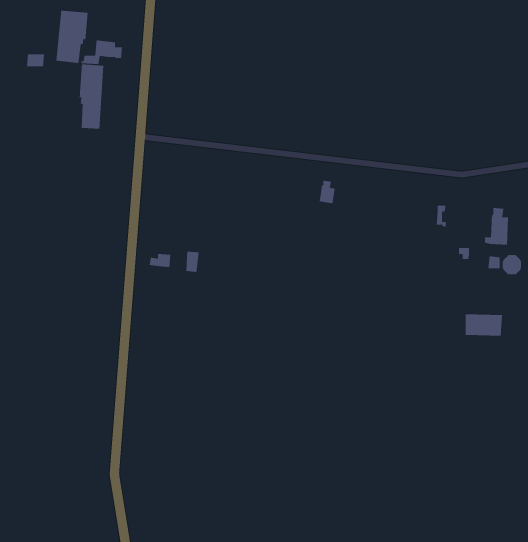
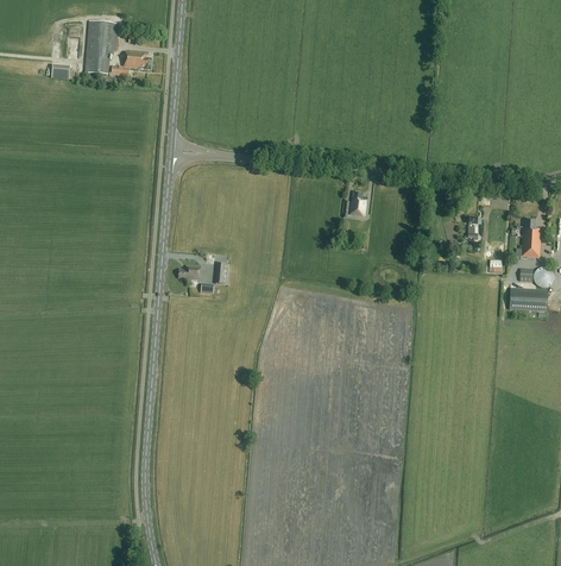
building: [79,63,104,129] -> none
building: [465,314,503,336] -> [509,289,547,312]

